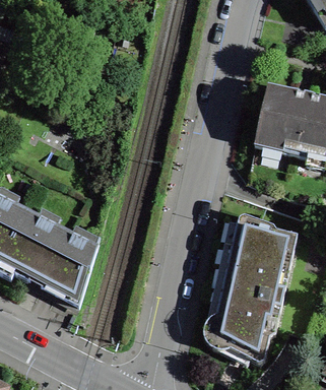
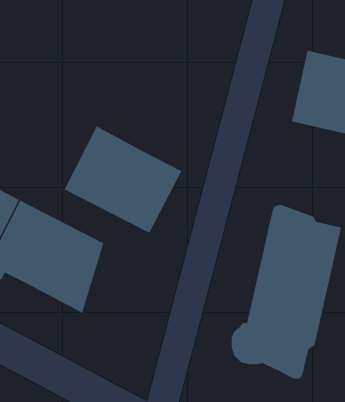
building: none -> [64,126,182,233]

